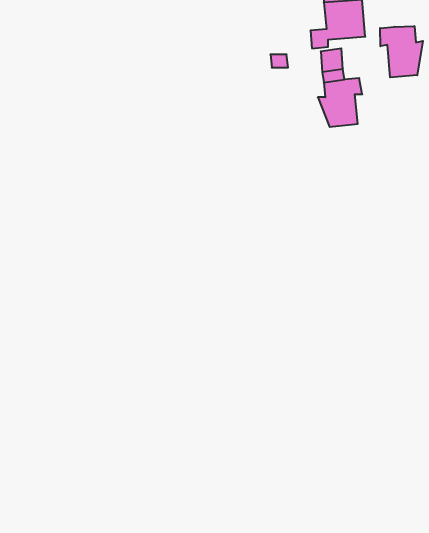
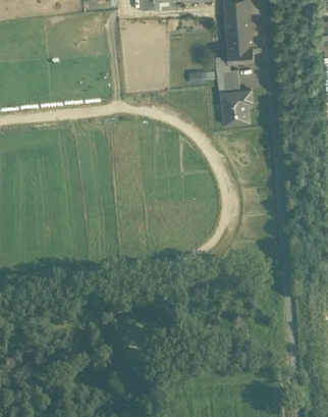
building: [380,26,423,77] -> none

